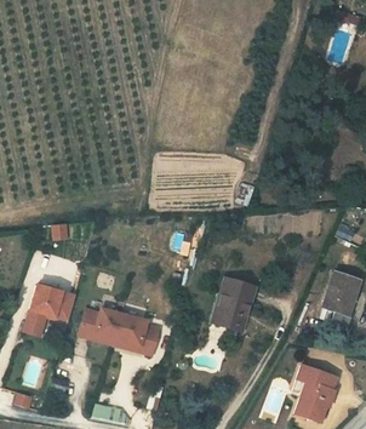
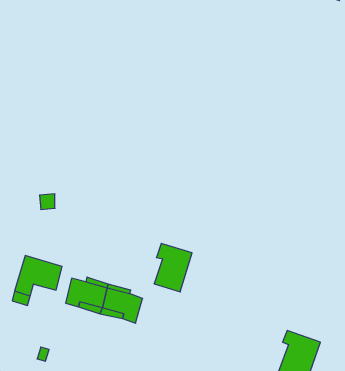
building: [321,270,359,314] -> none
building: [215,281,253,331] -> [154,243,192,292]

